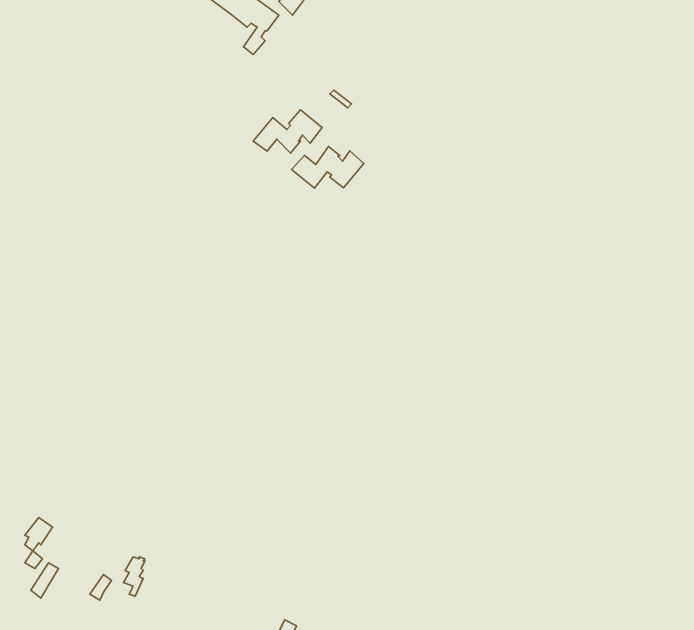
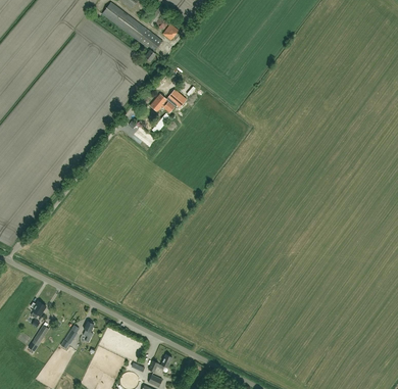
building: [291,146,364,188] -> none

